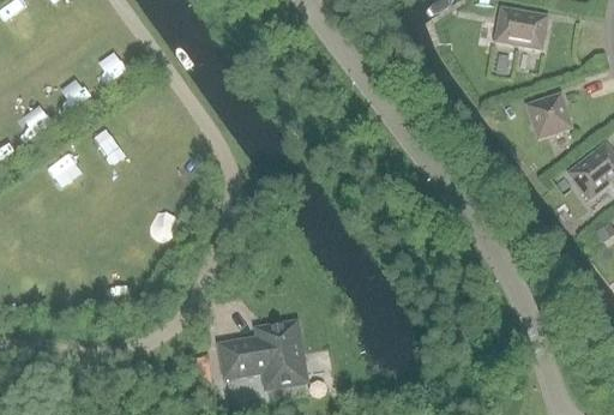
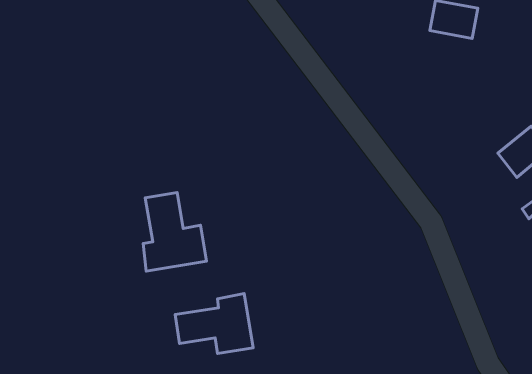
building: [526,94,571,138] -> none
building: none -> [143,192,206,271]

